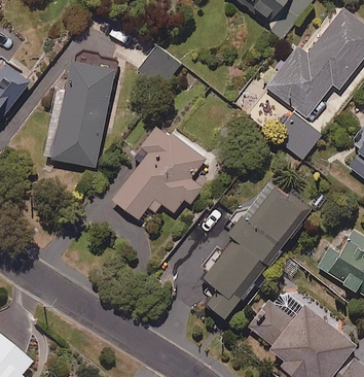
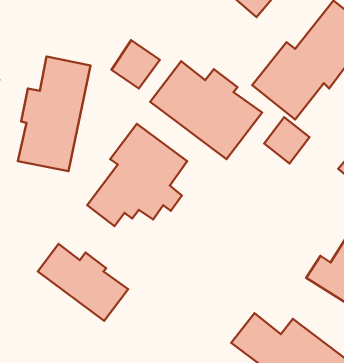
building: none -> [150,61,262,159]
building: [203,179,316,318] -> none
building: none -> [38,244,128,321]

